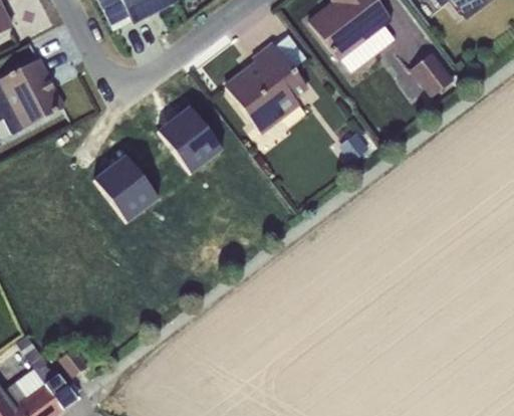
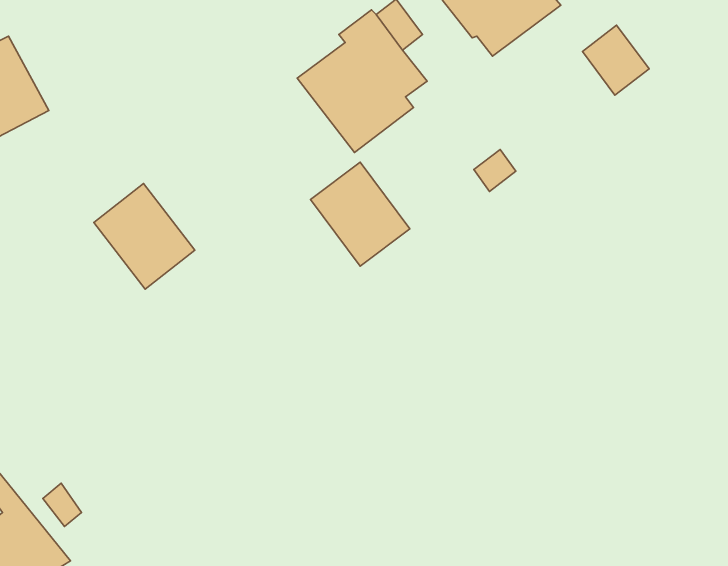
building: [158,106,222,173] -> [310,162,410,266]

